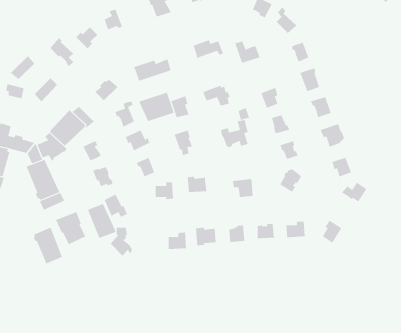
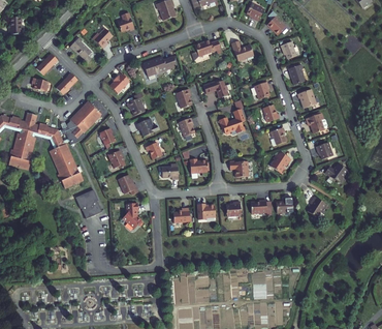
building: [139,92,174,122] -> none
building: [88,203,116,239] -> none
building: [33,227,63,264] -> none

